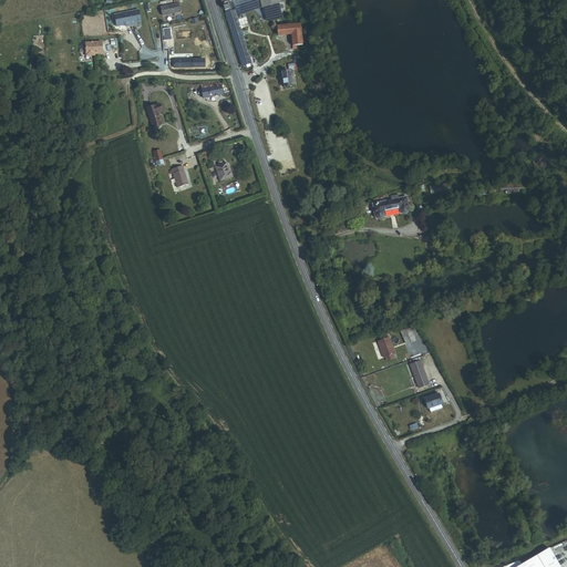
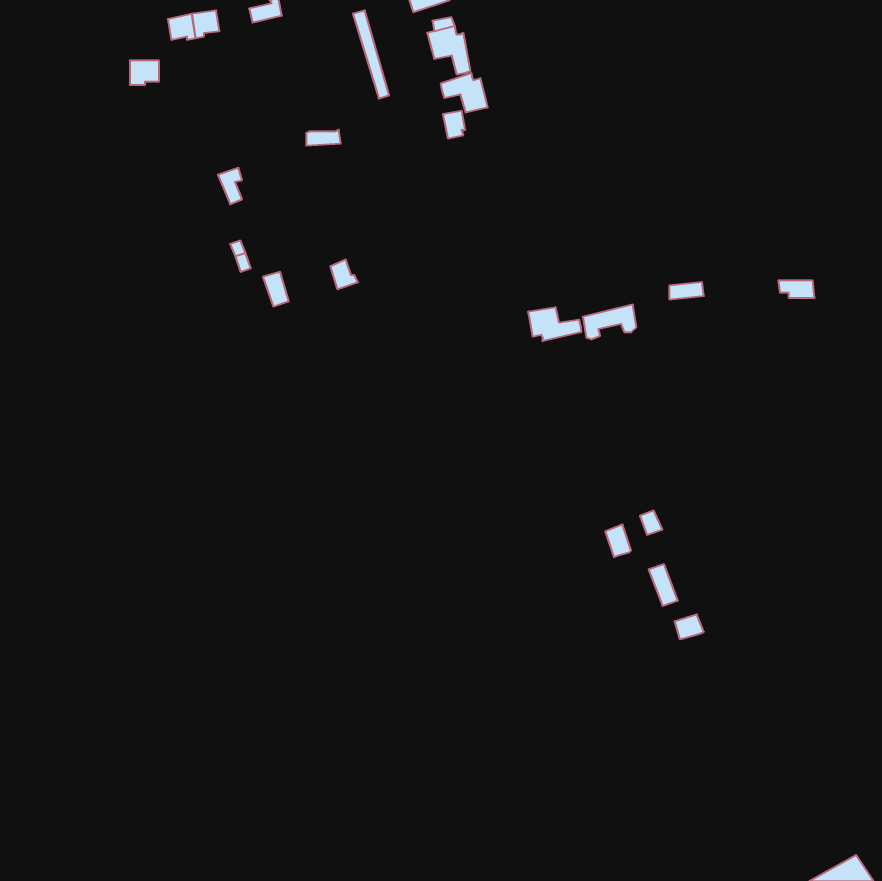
building: none -> [441,73,488,113]
building: none -> [528,307,581,341]

